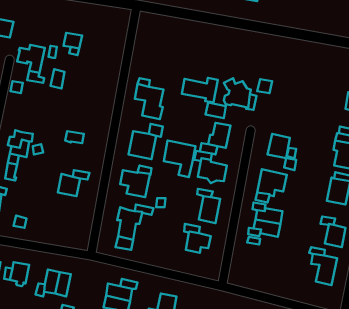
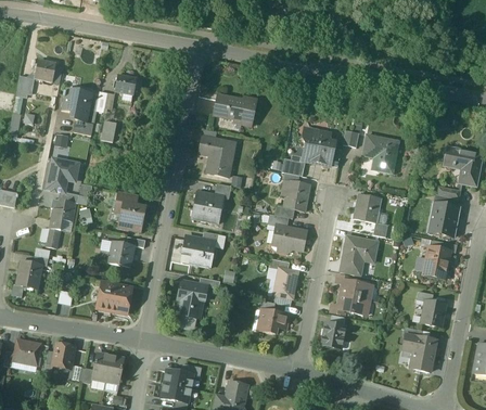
building: [182,78,218,102] -> [214,97,256,125]
building: none -> [362,134,398,172]
building: none -> [47,157,79,192]
building: [164,141,196,177] -> none
building: none -> [118,203,145,231]
building: none -> [97,282,131,313]
building: none -> [321,322,345,347]

